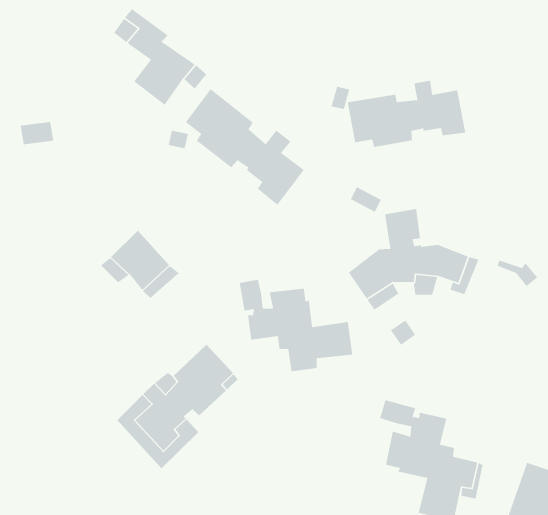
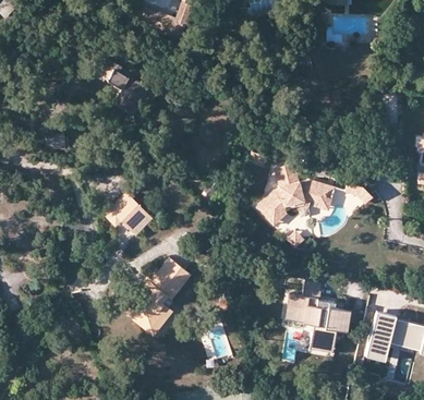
building: [347,80,466,148] -> none
building: [185,88,305,206] -> none
building: [239,279,353,372] -> none

